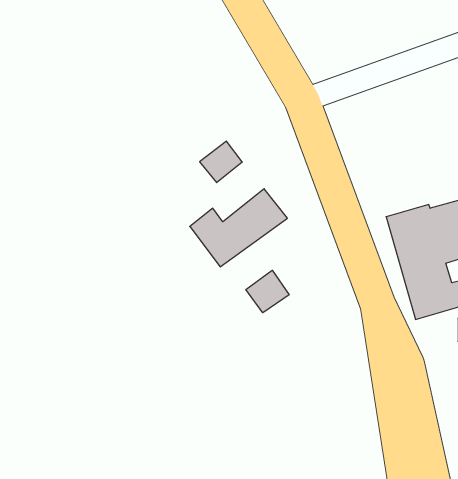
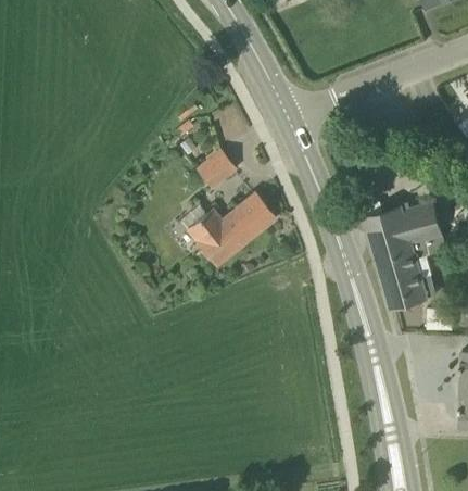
building: [246,270,289,313] -> none

